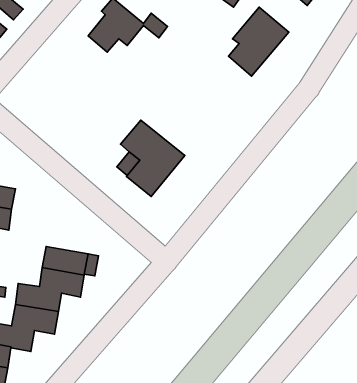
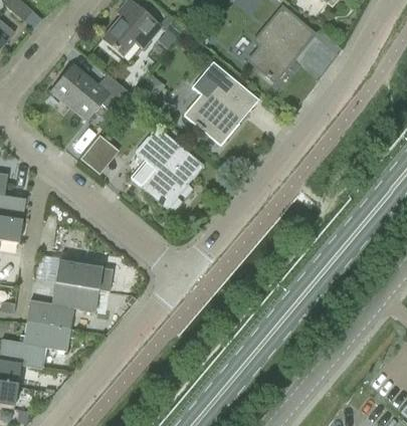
building: none -> [184,61,257,144]
building: none -> [51,64,131,120]
building: none -> [85,132,119,164]

